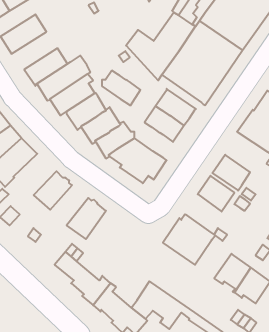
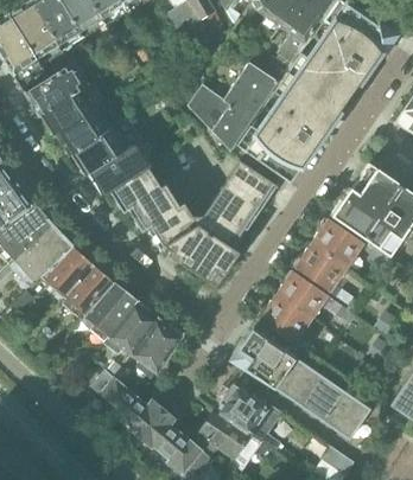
building: none -> [39,87,99,136]
building: [102,71,140,105] -> [198,204,248,249]
building: none -> [316,219,366,268]
building: none -> [44,247,97,297]
building: none -> [85,284,139,337]
building: none -> [262,296,311,344]
building: none -> [135,318,185,372]
building: none -> [277,356,324,405]
building: none -> [220,386,285,449]

